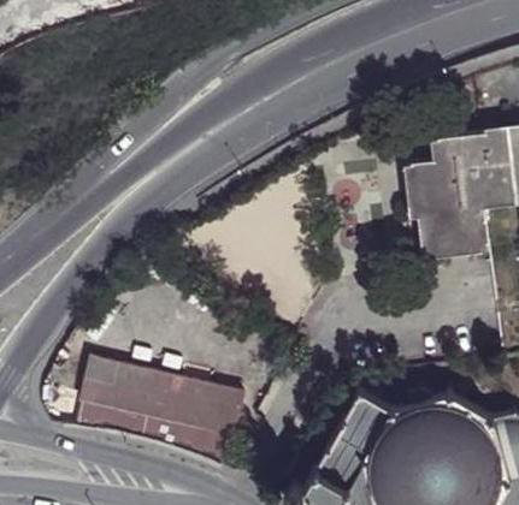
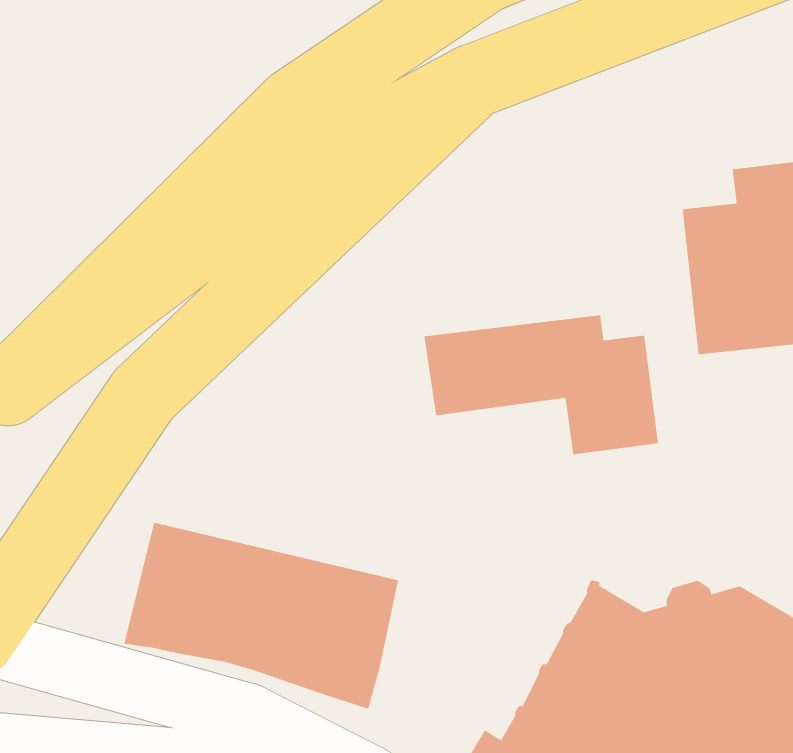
building: none -> [424,315,659,455]

